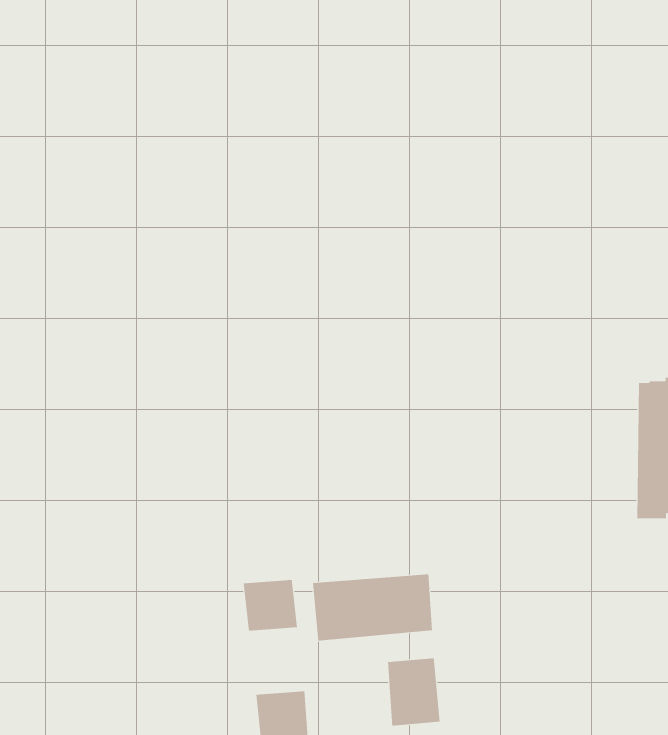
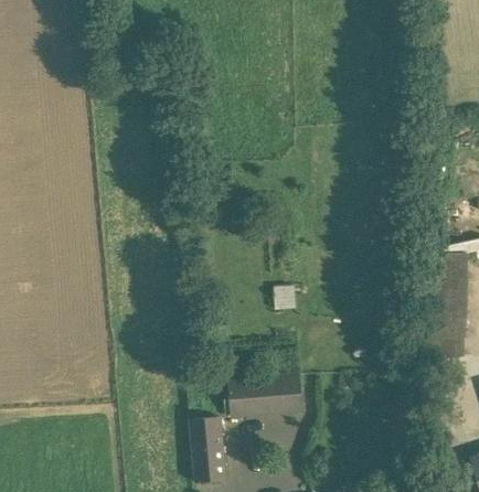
building: [243,580,298,631] -> [188,417,222,449]
building: [388,657,440,726] -> none

